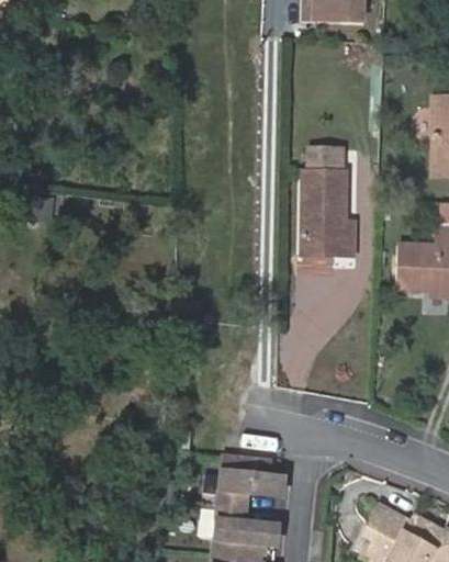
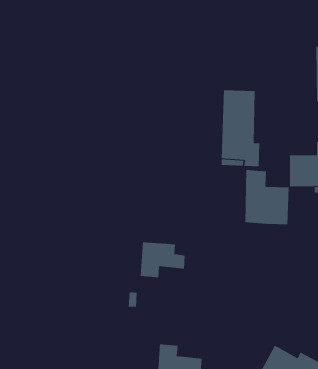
building: none -> [245,169,289,225]
building: [218,456,281,505] -> [140,242,186,278]

